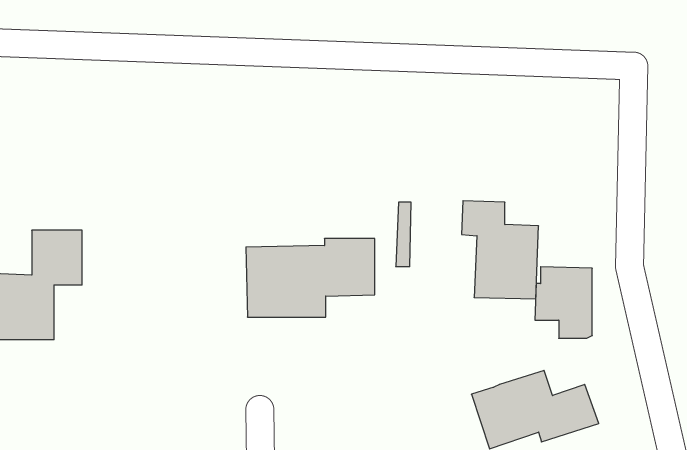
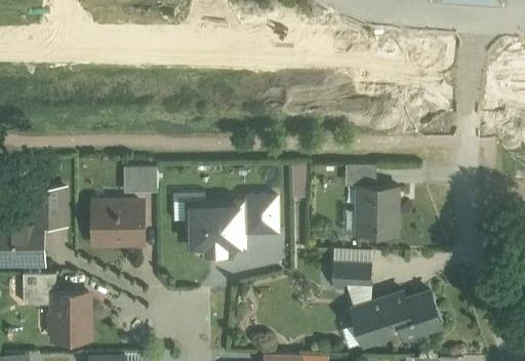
building: none -> [91,167,159,248]
building: [535,267,592,338] -> [329,250,371,303]
building: none -> [23,275,90,342]

